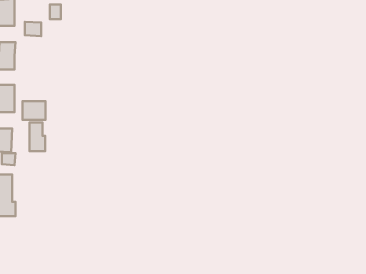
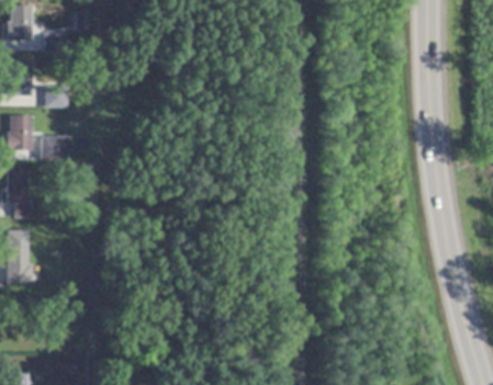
building: none -> [47,87,69,107]
building: [30,123,45,151] -> none

